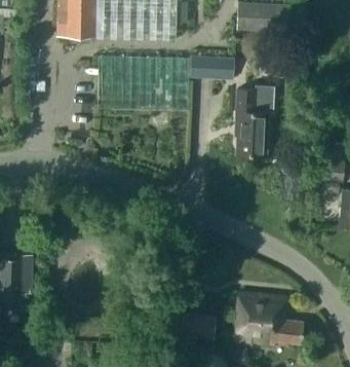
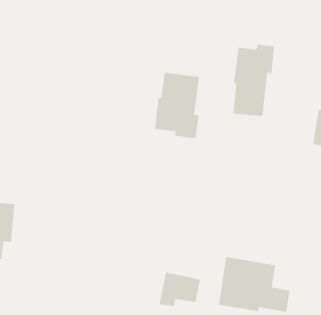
building: [190,56,220,79] -> none
building: none -> [154,72,199,139]

